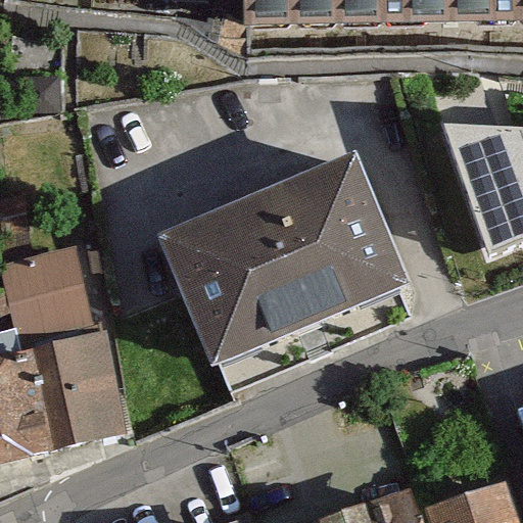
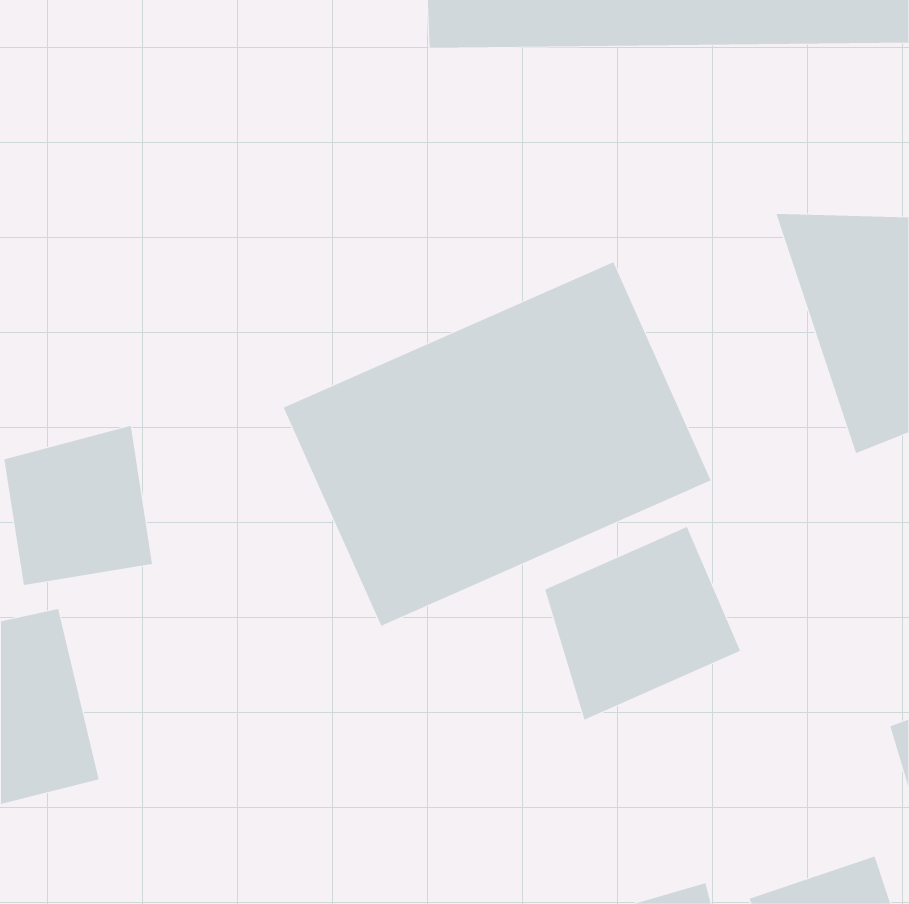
building: none -> [545,526,741,721]
building: [33,327,129,447] -> none

